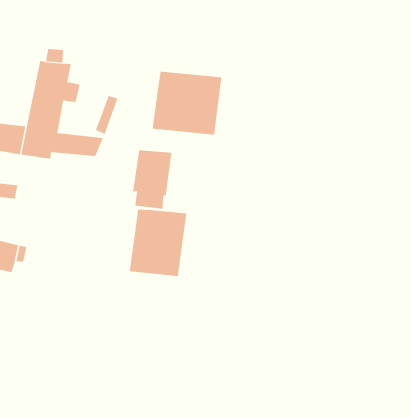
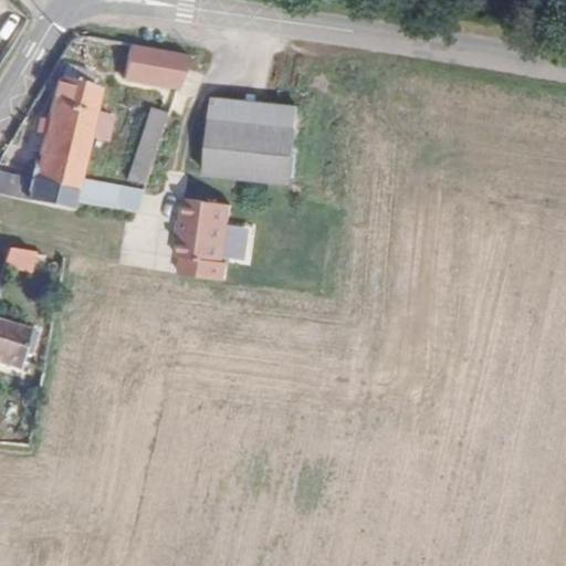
building: none -> [125,46,186,86]
building: [129,209,187,277] -> none

